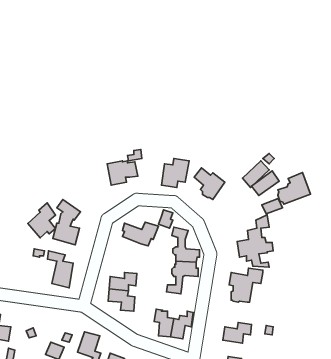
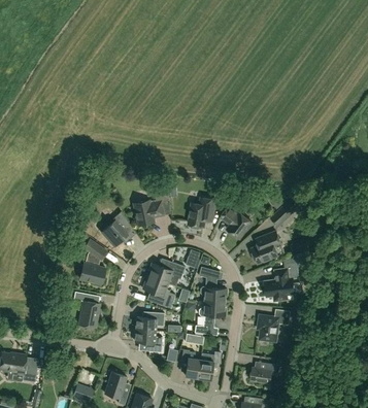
building: [278,173,311,204] -> [252,231,285,263]
building: [28,203,55,238] -> [102,211,130,246]
building: none -> [142,276,175,308]

